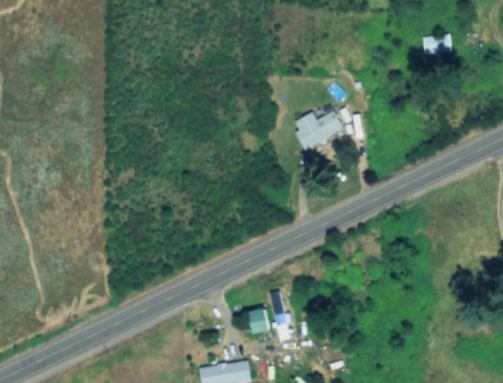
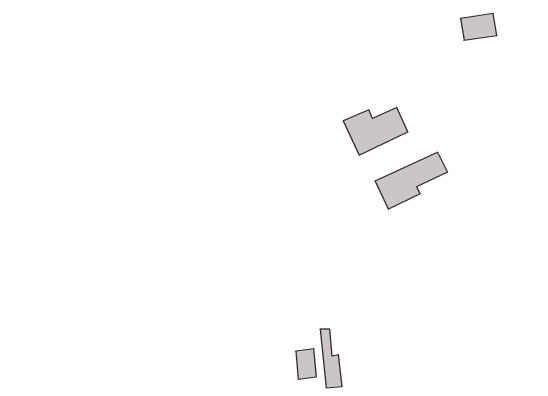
building: [422,33,452,55] -> [460,13,497,40]
building: none -> [375,152,447,209]

